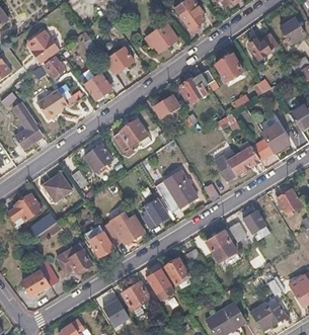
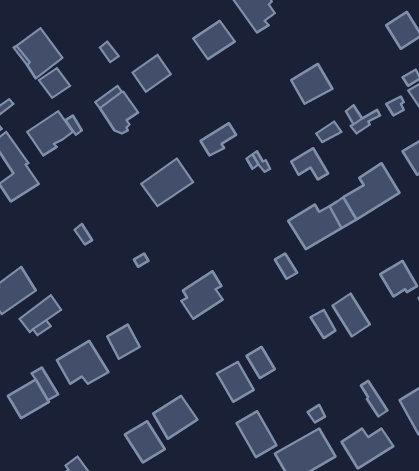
building: [247,33,279,60] -> none
building: [180,74,207,102] -> none
building: [84,144,111,170] -> none
building: [155,169,197,212] -> none
building: [43,172,71,200] -> none
building: [108,213,144,245] -> none
building: [205,231,236,262] -> none
building: [146,269,173,301] -> [236,411,277,457]

